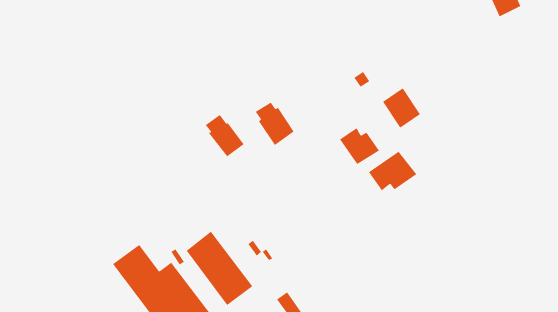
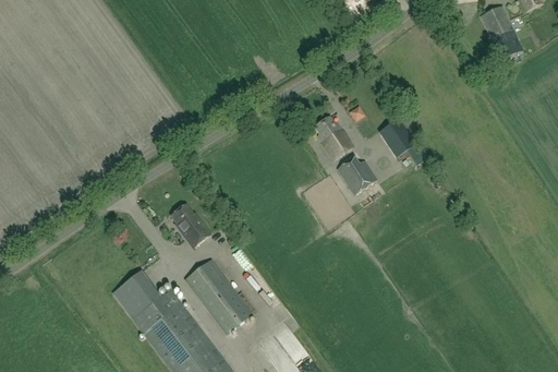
building: [255,102,294,146] -> [314,117,353,160]
building: [205,114,244,157] -> [171,205,210,248]
building: [368,151,417,191] -> none

